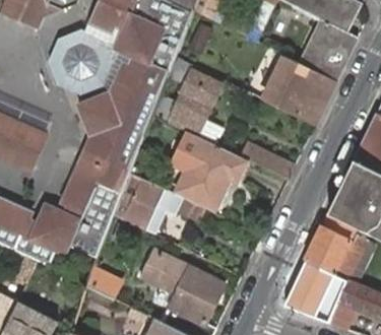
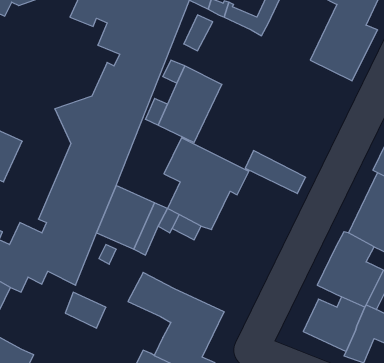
building: [47,30,111,96] -> none
building: [264,57,335,125] -> none

